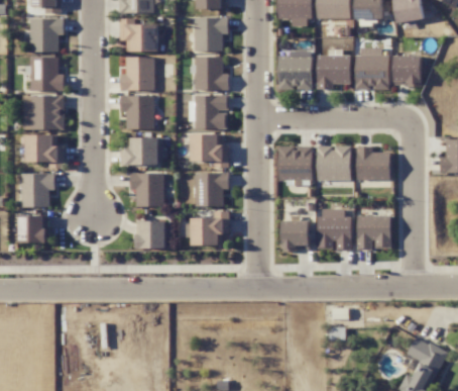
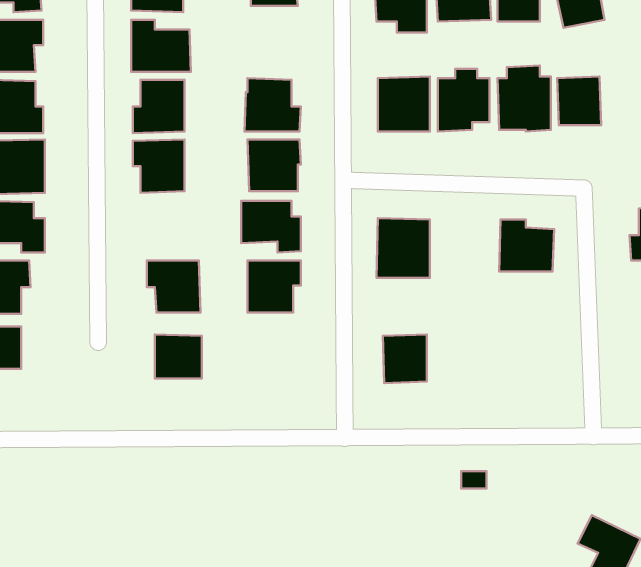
building: [193,17,227,52] -> none
building: [120,137,157,166] -> none
building: [316,145,350,181] -> none
building: [317,209,350,252] -> none
building: [191,211,229,246] -> none
building: [356,215,389,251] -> none

